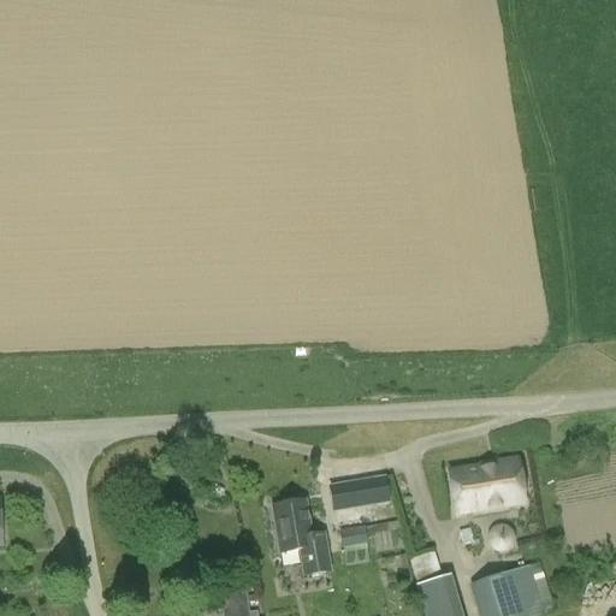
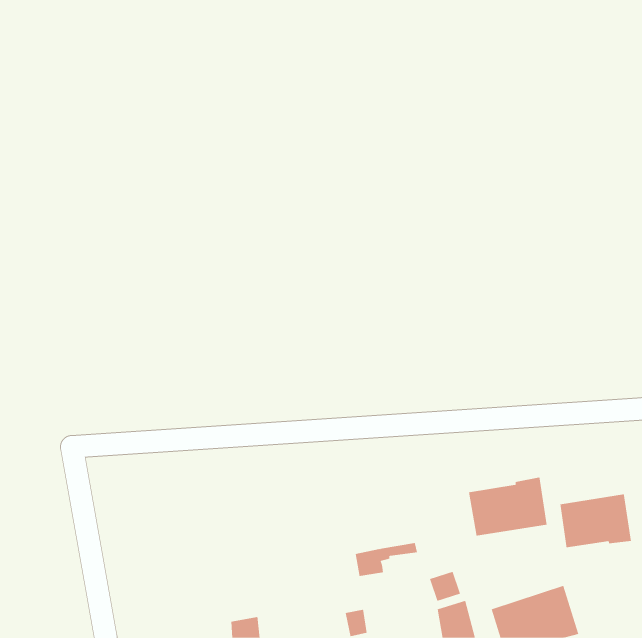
building: none -> [560,494,632,548]
building: [331,478,387,509] -> none
building: [273,500,332,574] -> none

